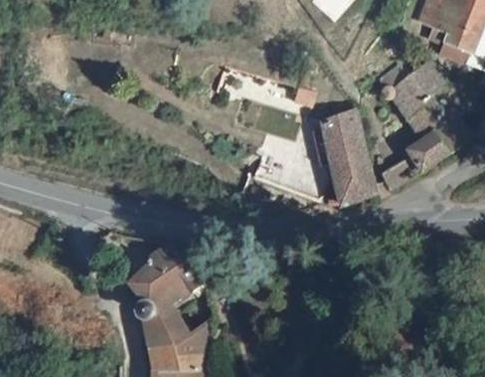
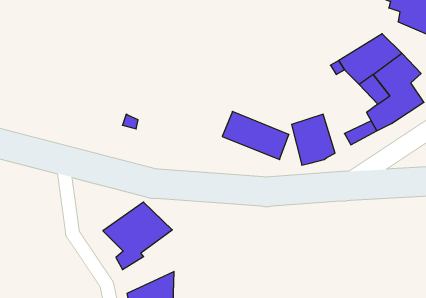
building: [317,111,361,161] -> none
building: [143,305,182,345] -> none

